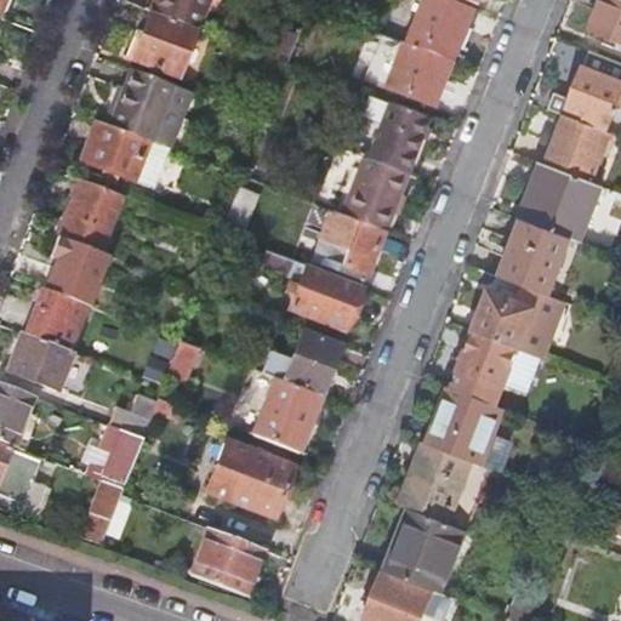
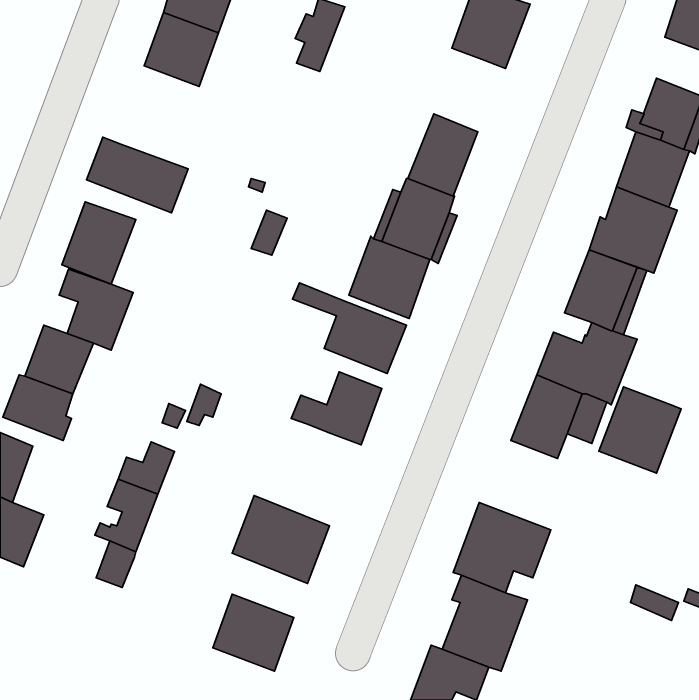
building: [381,41,440,107] -> none
building: [109,69,189,149] -> none
building: [252,375,319,451] -> none
building: [432,389,505,466] -> [599,387,681,473]

